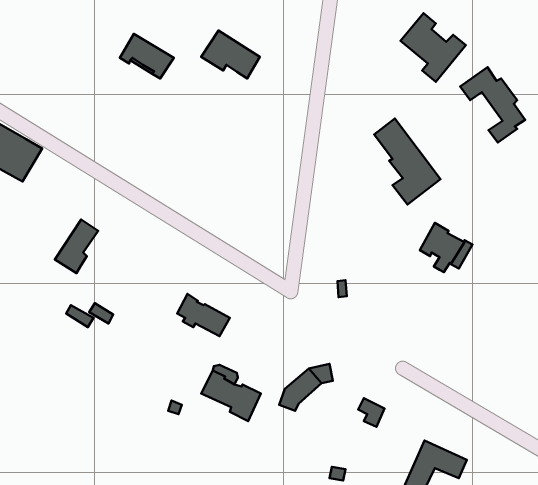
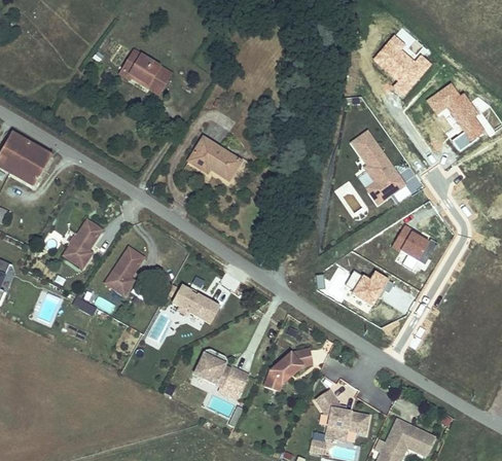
building: [201,30,260,79] -> [187,137,240,180]
building: none -> [105,247,143,295]
building: none -> [347,271,388,305]
building: none -> [316,391,369,442]

